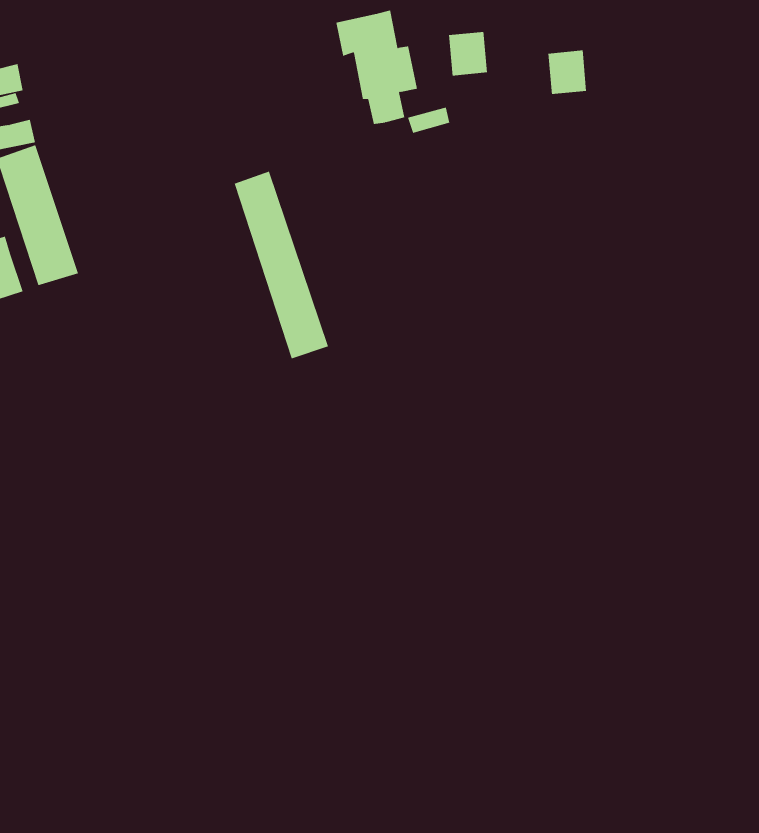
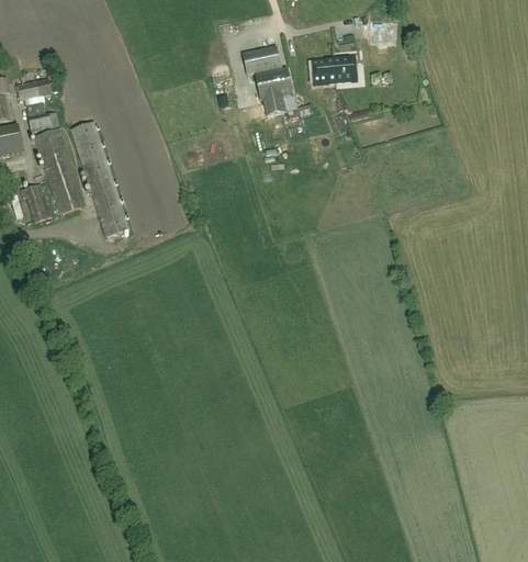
building: [548,50,587,95] -> [333,55,357,82]
building: [234,171,329,359] -> [70,121,128,236]

